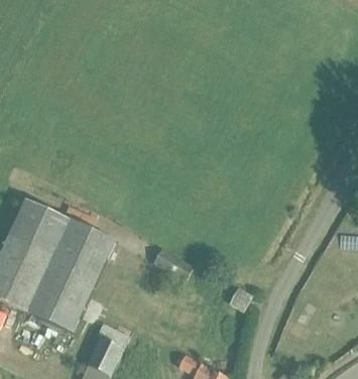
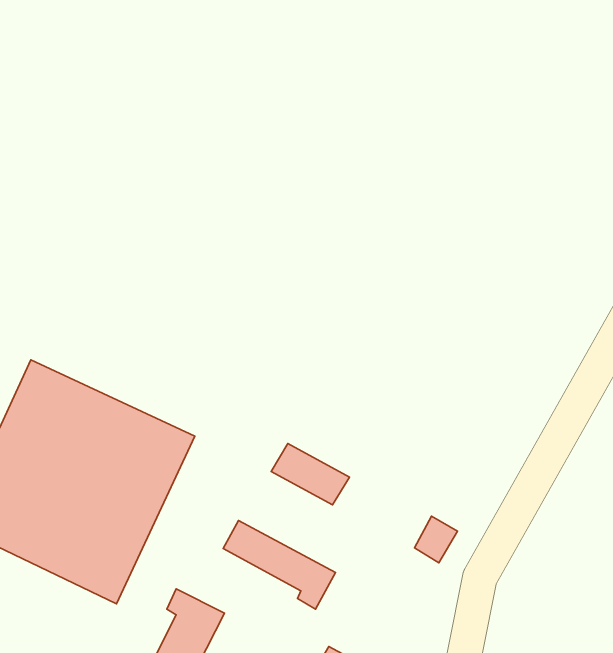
building: none -> [223,520,336,609]

